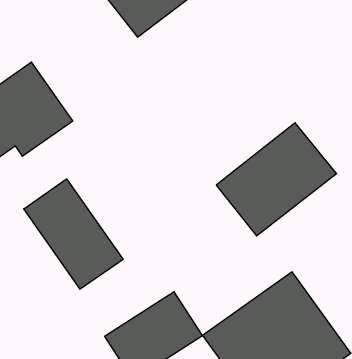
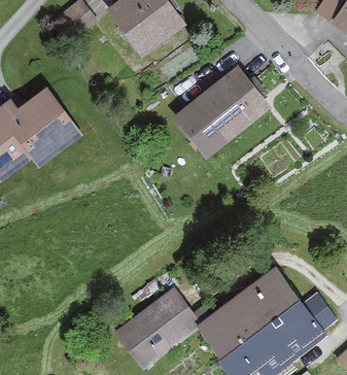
building: [216,123,337,236] -> [171,67,276,166]
building: [24,179,123,289] -> none

